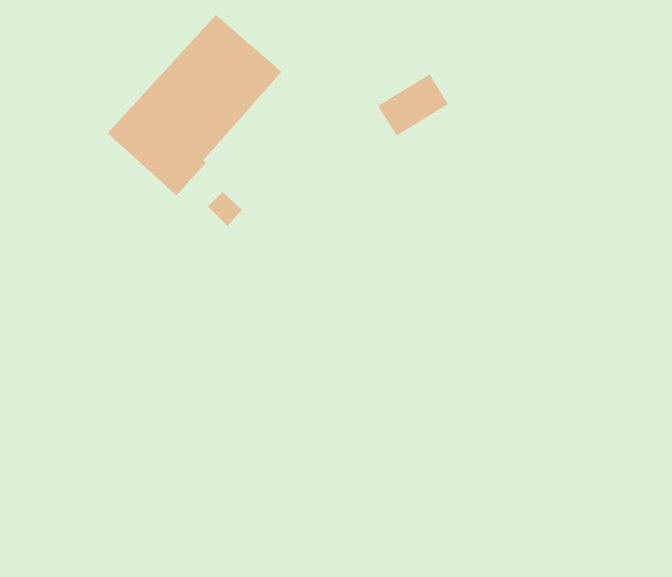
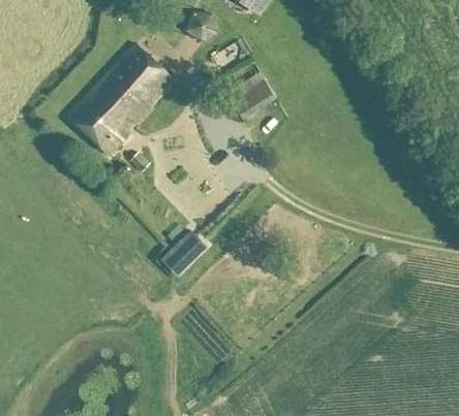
building: none -> [160,231,204,274]

